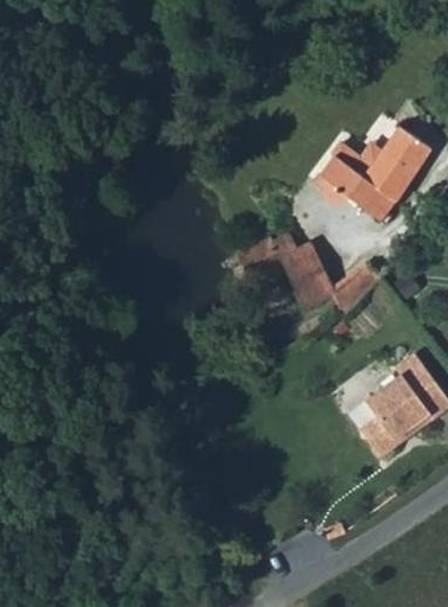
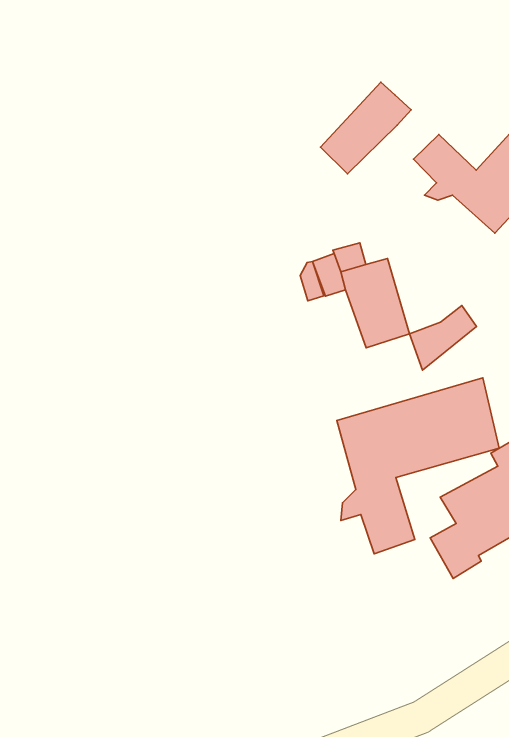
building: none -> [320,82,411,174]
building: none -> [337,378,499,554]

